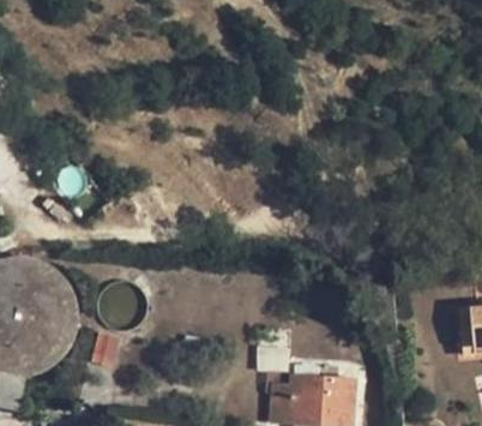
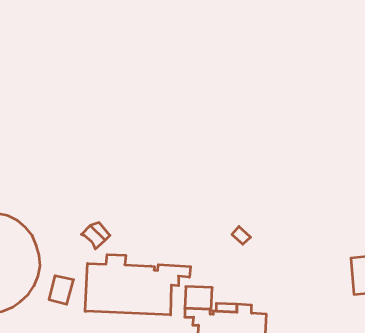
building: none -> [85,255,191,315]

